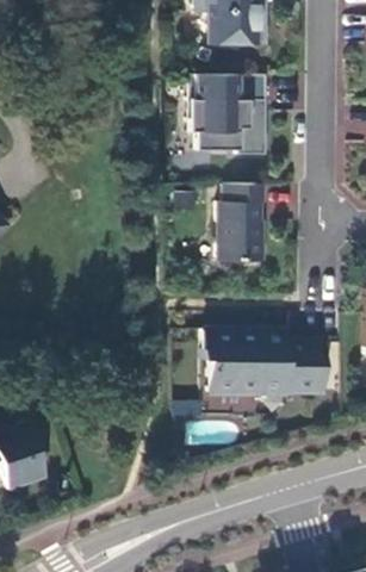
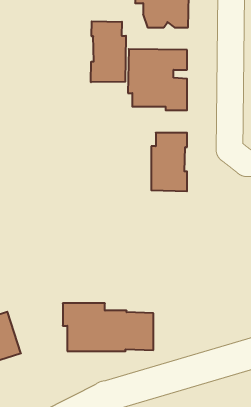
building: none -> [91,21,126,82]
building: [204,330,324,393] -> [63,303,153,351]

